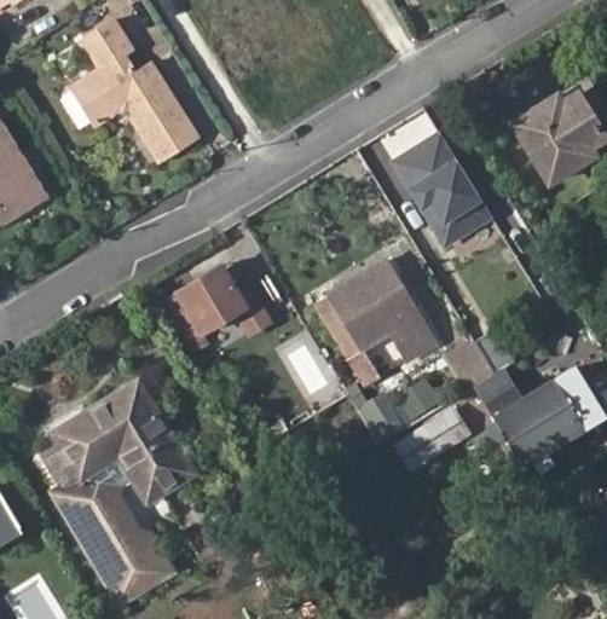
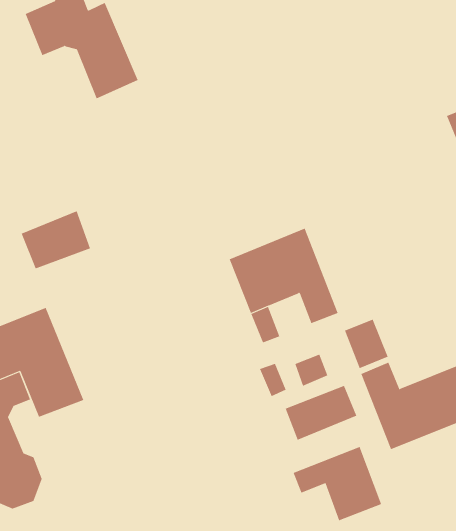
building: [394,132,491,242] -> none
building: [183,264,256,330] -> [21,211,91,269]
building: none -> [293,446,382,521]

